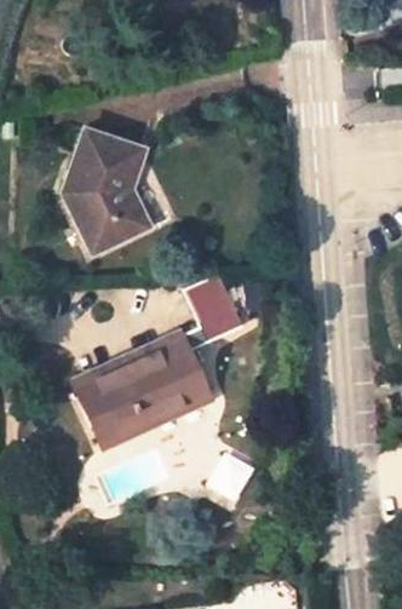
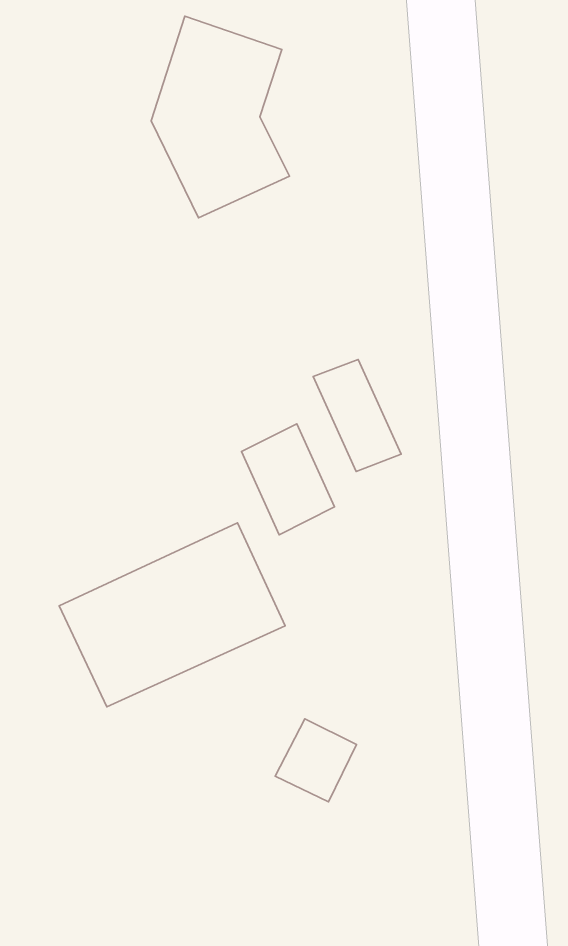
building: [68,127,153,251] -> [151,16,290,218]
building: none -> [313,359,401,471]

